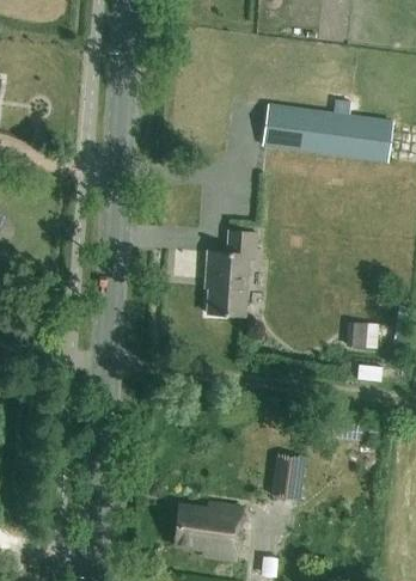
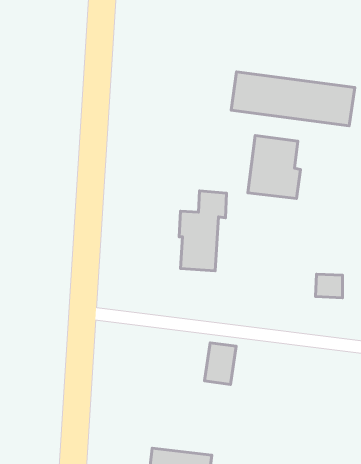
building: none -> [248,136,300,199]
building: [271,454,305,499] -> [204,343,236,384]

